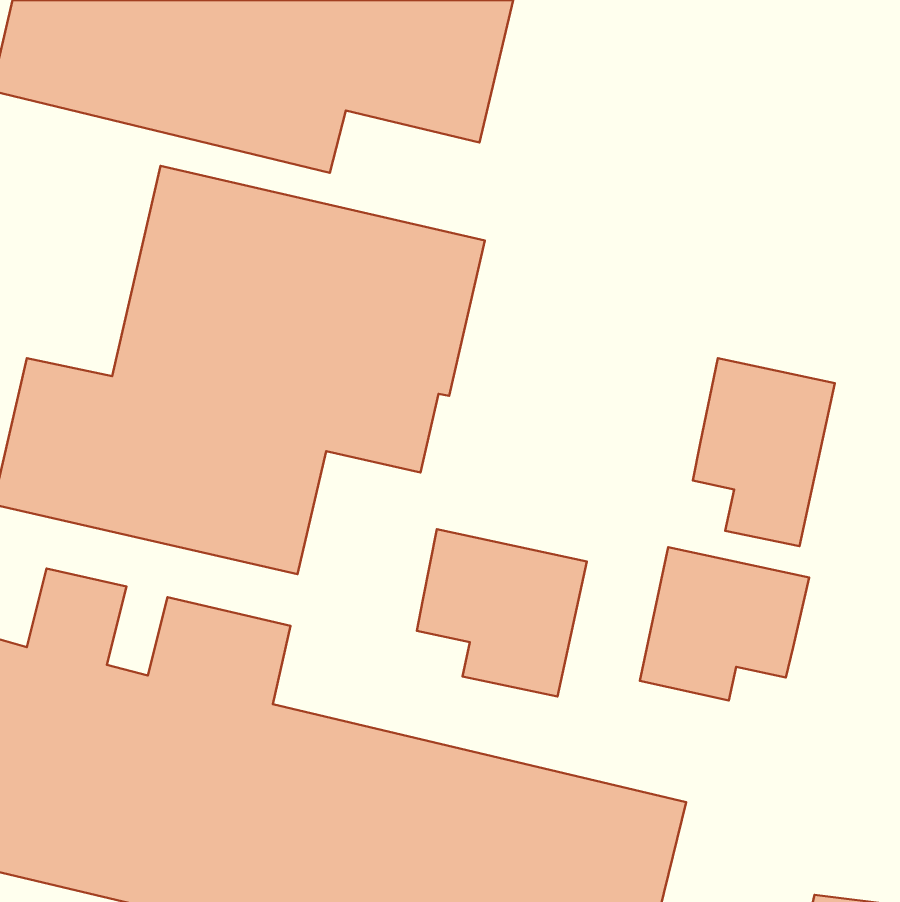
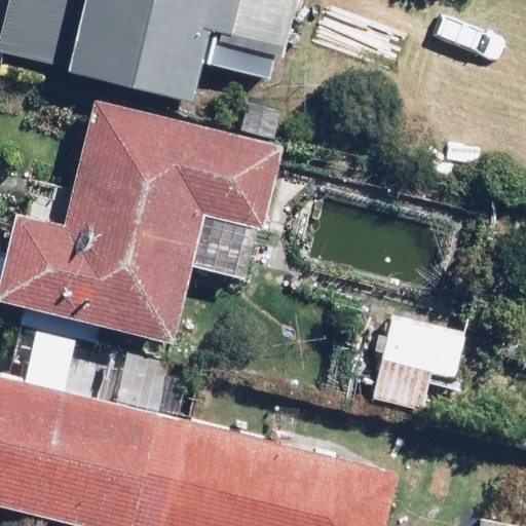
building: [693,358,835,546] -> none
building: [417,529,587,696] -> none

